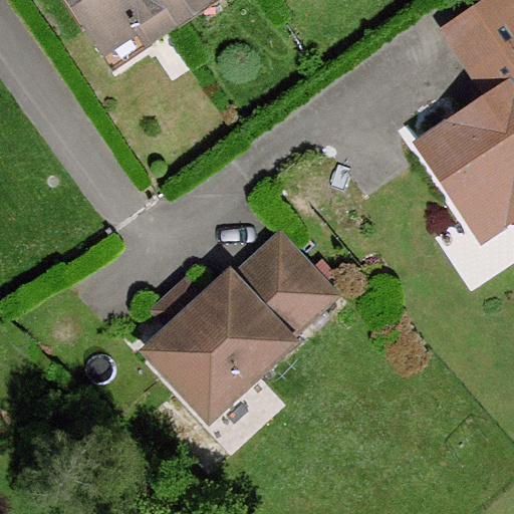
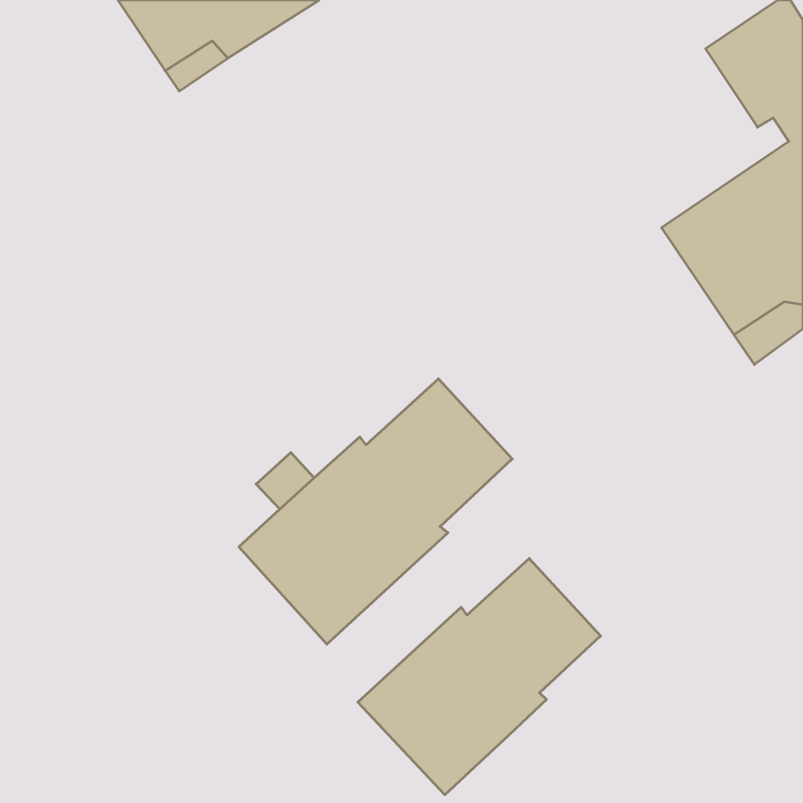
building: none -> [358,558,601,795]

